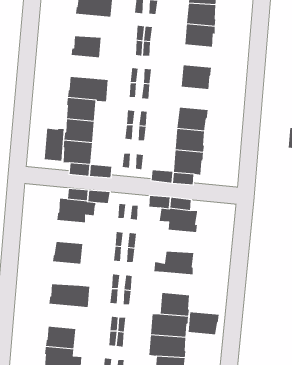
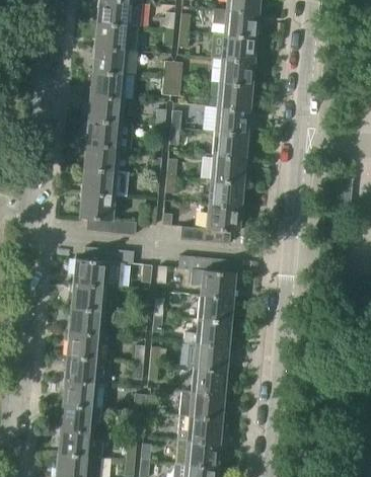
building: none -> [93,47,138,75]
building: none -> [218,82,252,108]
building: none -> [88,94,123,122]
building: none -> [214,131,248,157]
building: [44,128,64,161] -> none
building: none -> [72,284,106,311]
building: none -> [199,295,234,321]
building: none -> [67,331,101,359]
building: none -> [63,380,108,409]
building: [188,312,219,335] -> [194,343,230,370]

